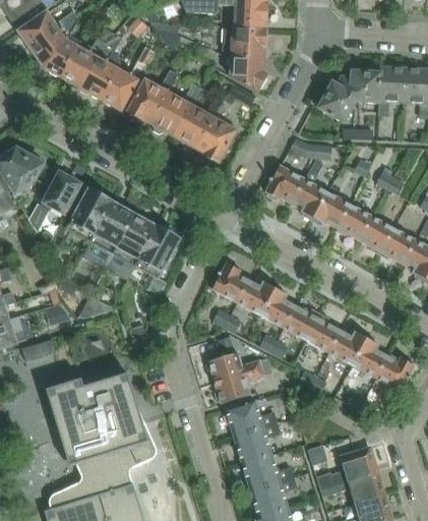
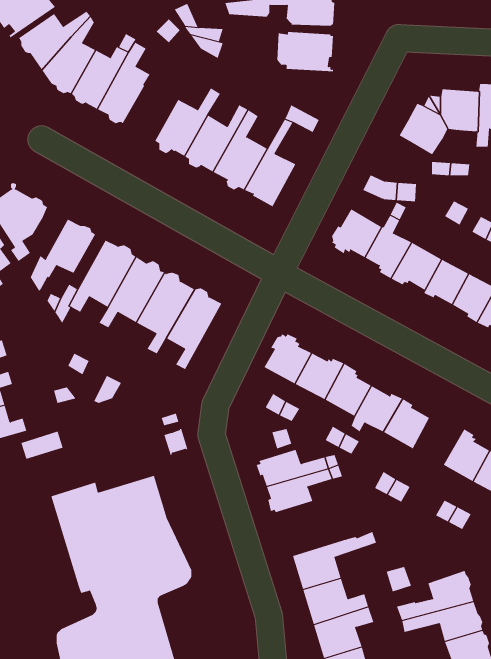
building: [226,56,268,92] -> none
building: [103,60,148,110] -> none
building: [329,329,369,365] -> none
building: [226,400,278,437] -> none

